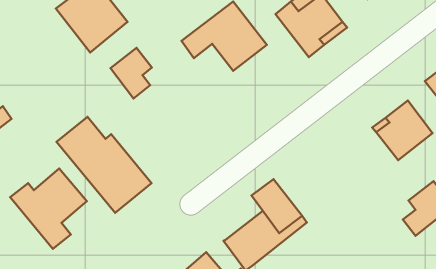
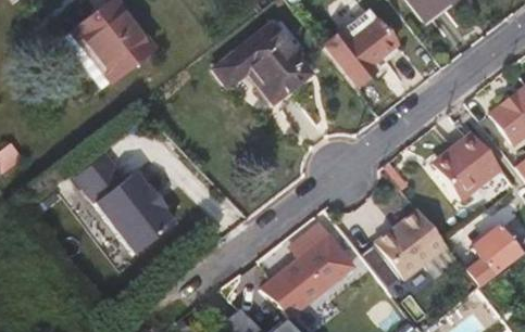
building: [111,48,152,98] -> none
building: none -> [367,208,448,286]
building: [10,169,87,249] -> none

